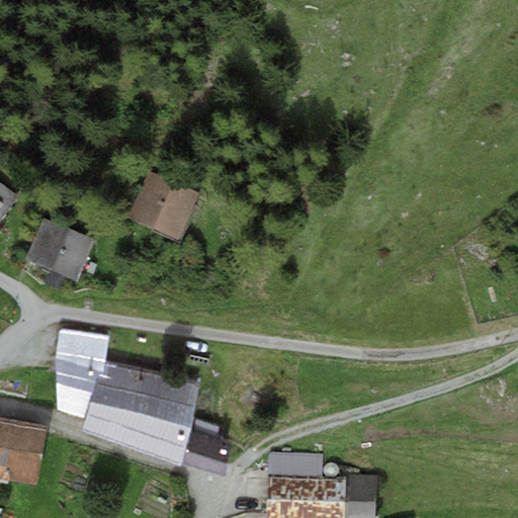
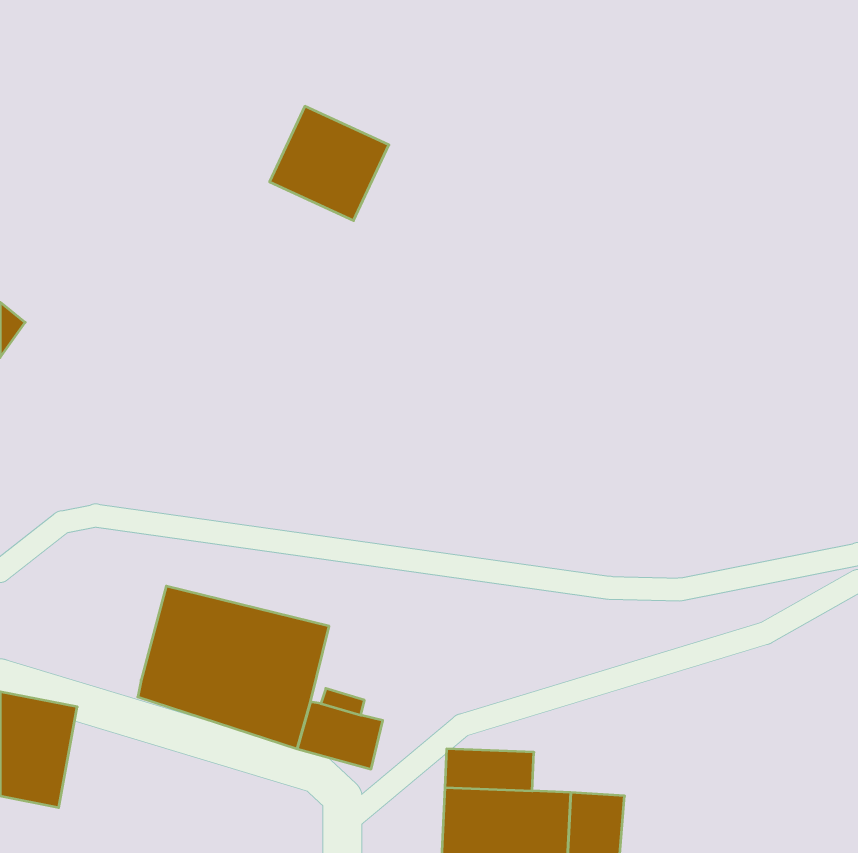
building: [128,173,200,242] -> [270,106,389,221]
building: [29,223,95,292] -> none
building: [55,327,104,413] -> none

